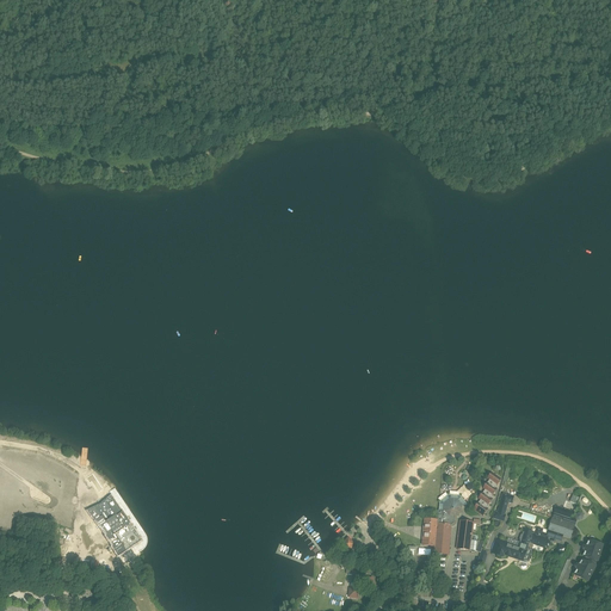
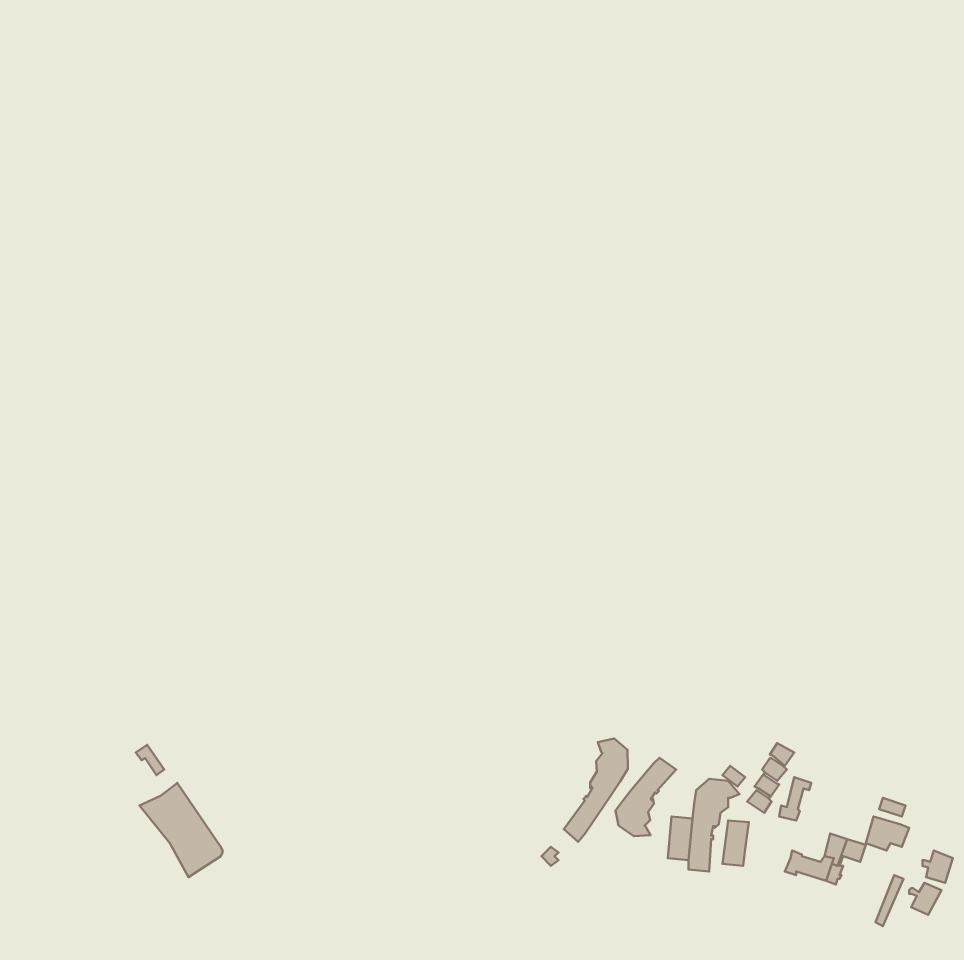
building: none -> [564,739,628,842]
building: none -> [616,758,676,836]

